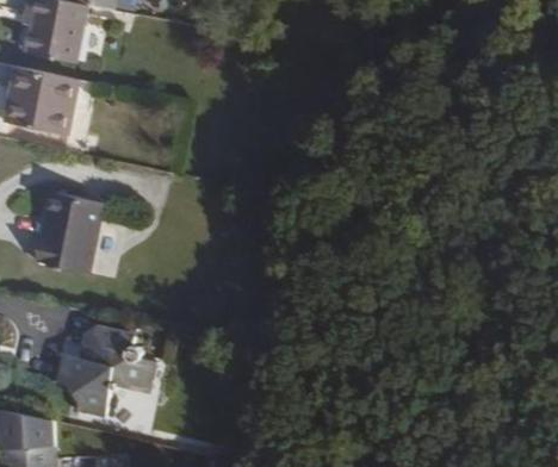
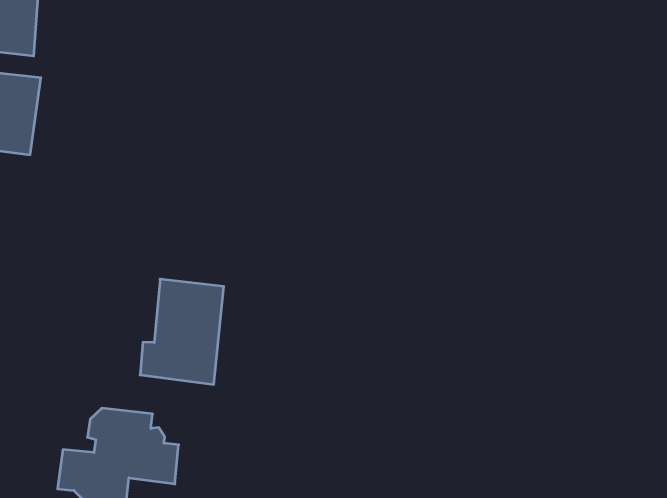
building: [35,189,104,272] -> [140,279,224,384]

